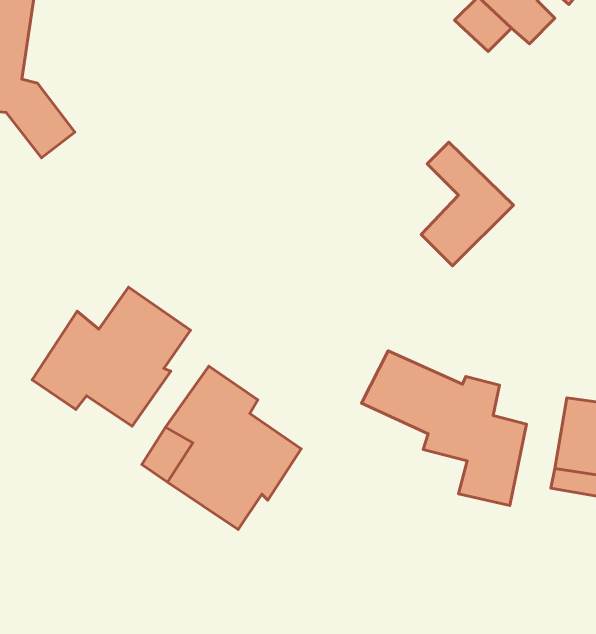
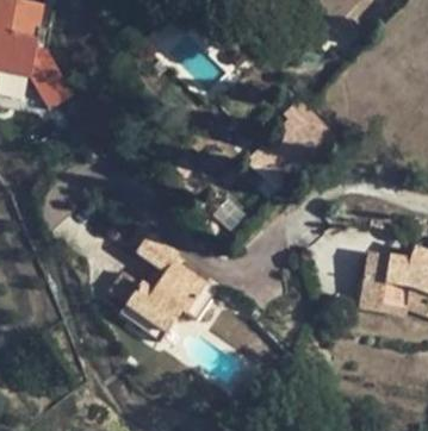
building: [32,287,190,426] -> none
building: [361,351,526,505] -> none

